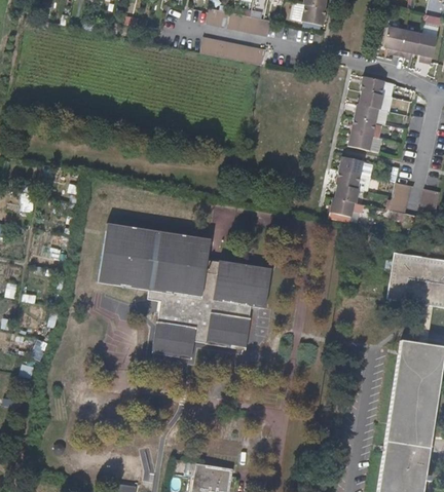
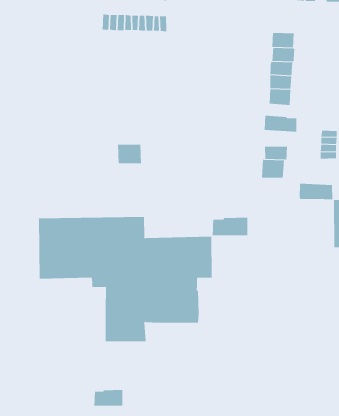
building: none -> [118,144,141,164]
building: [336,174,371,195] -> [299,183,333,200]
building: none -> [212,217,248,236]
building: none -> [94,389,123,407]

